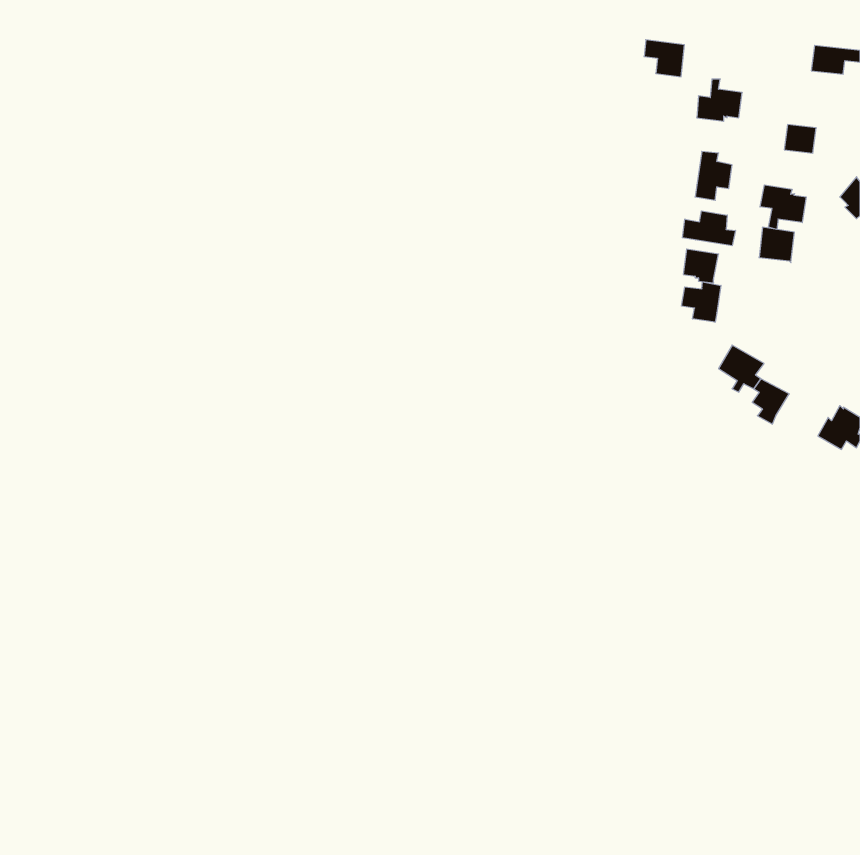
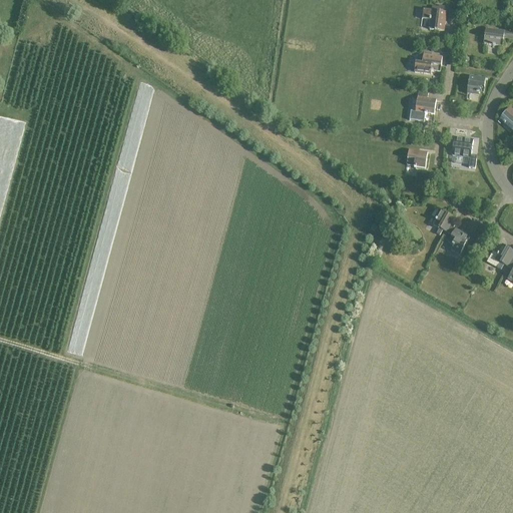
building: [644,40,684,77] -> [422,7,446,29]
building: [760,185,806,229] -> none
building: [682,211,735,246] -> none
building: [682,282,721,322] -> none

